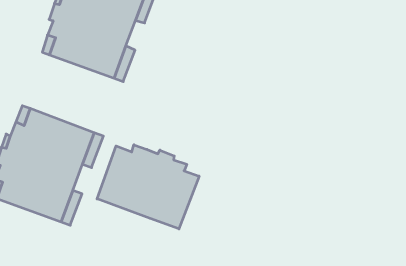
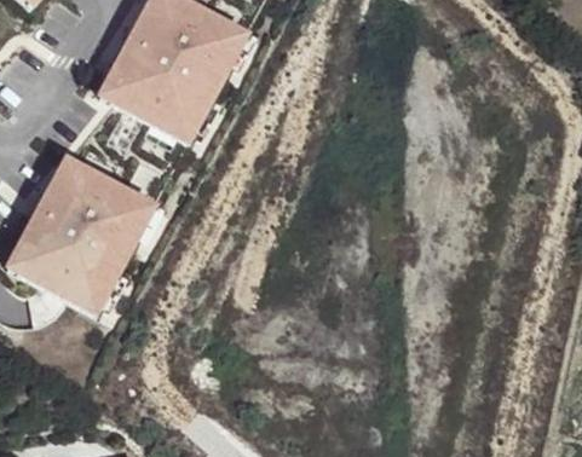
building: [97,145,199,229] -> none

